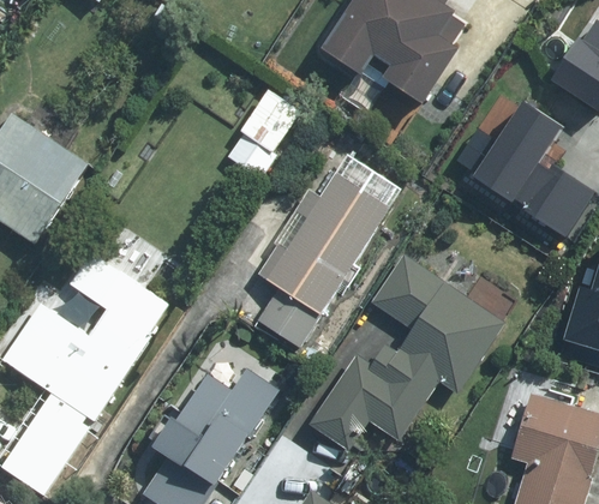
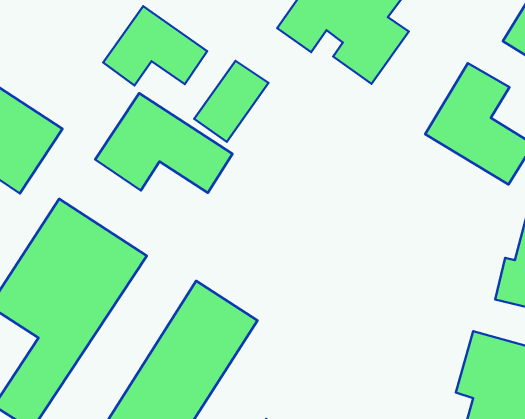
building: none -> [103,6,207,85]
building: none -> [95,93,232,193]
building: [238,149,401,356] -> none
building: [312,272,504,470] -> none

